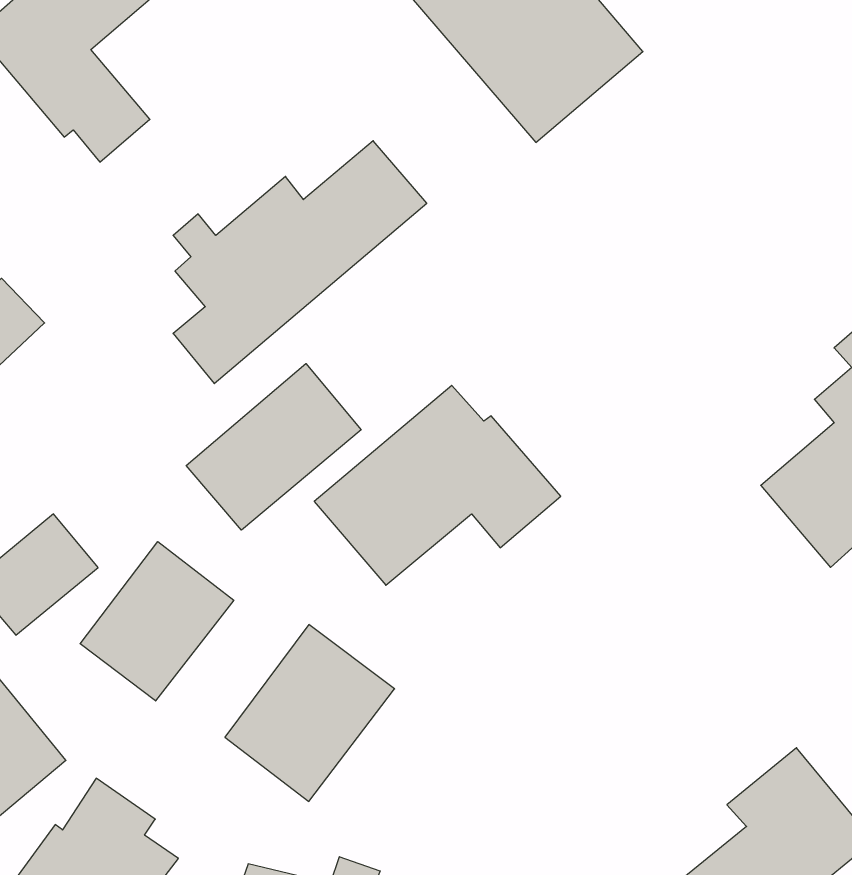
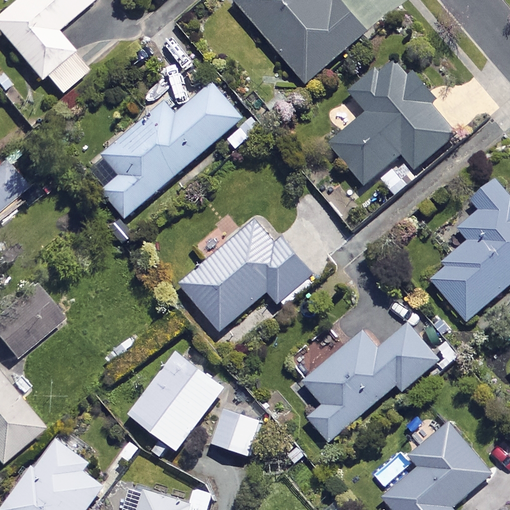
building: none -> [329,50,455,193]
building: [186,364,361,530] -> none
building: [80,542,234,701] -> none
building: none -> [303,322,439,442]
building: none -> [211,409,262,458]

